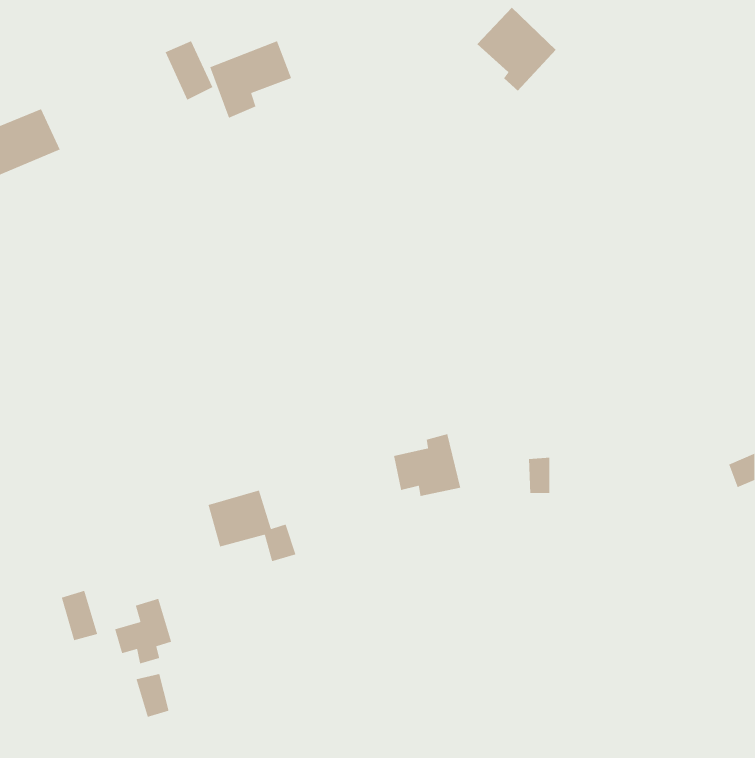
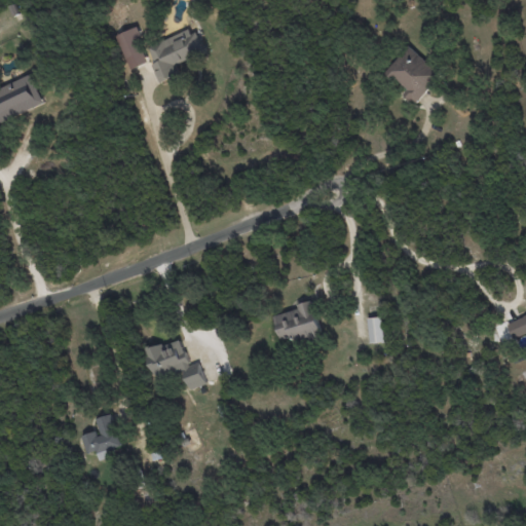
building: [476,7,556,91] -> [383,45,439,104]
building: [61,590,98,641] -> none
building: [135,673,170,718] -> none

